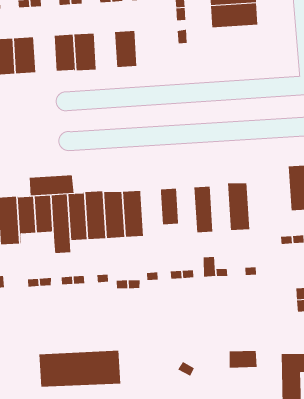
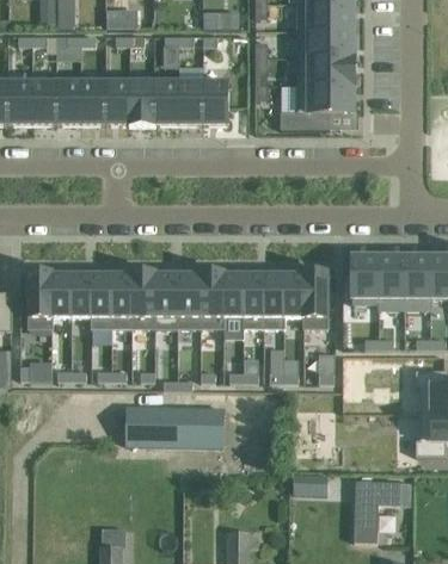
building: none -> [281,83,354,129]
building: none -> [205,81,229,124]
building: none -> [157,81,180,124]
building: none -> [84,81,108,124]
building: none -> [351,255,379,309]
building: [29,174,74,196] -> none
building: none -> [284,271,305,328]
building: none -> [244,273,264,328]
building: none -> [201,271,223,328]
building: [39,350,121,387] -> [125,403,222,445]

